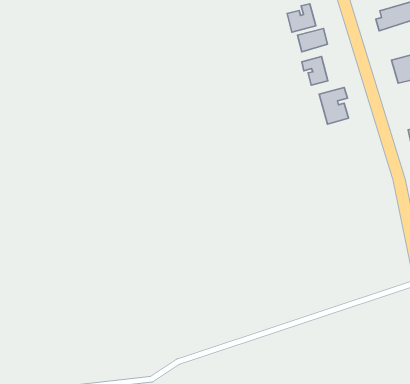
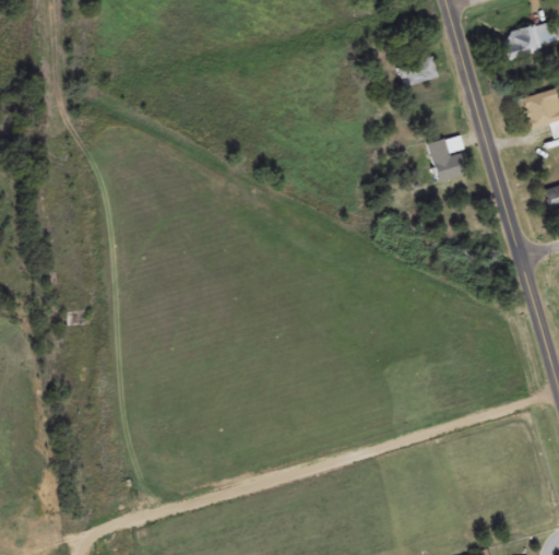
building: [287,4,316,32] -> none
building: [302,56,328,85] -> none

